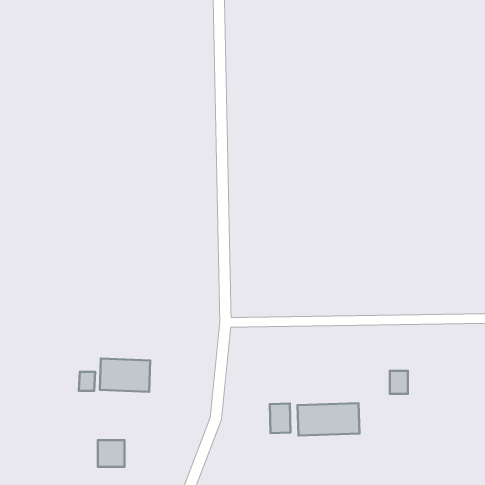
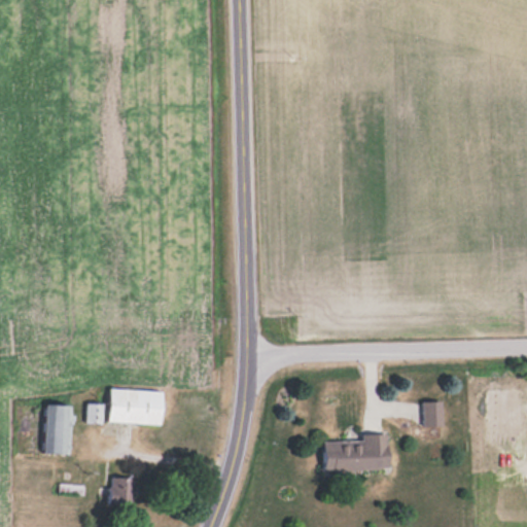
building: none -> [45,407,71,455]
building: [270,404,291,433] -> none

